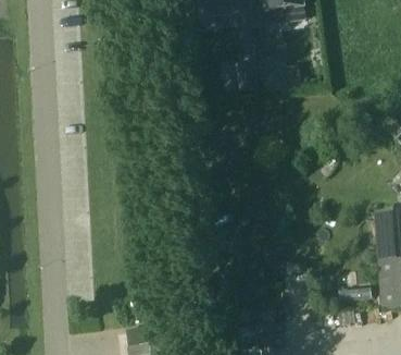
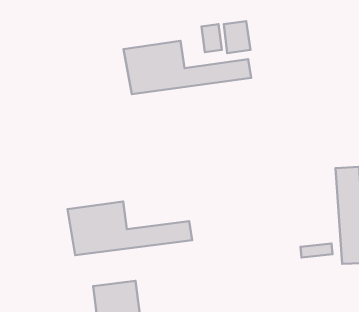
building: none -> [124,41,251,94]
building: none -> [67,201,192,255]

